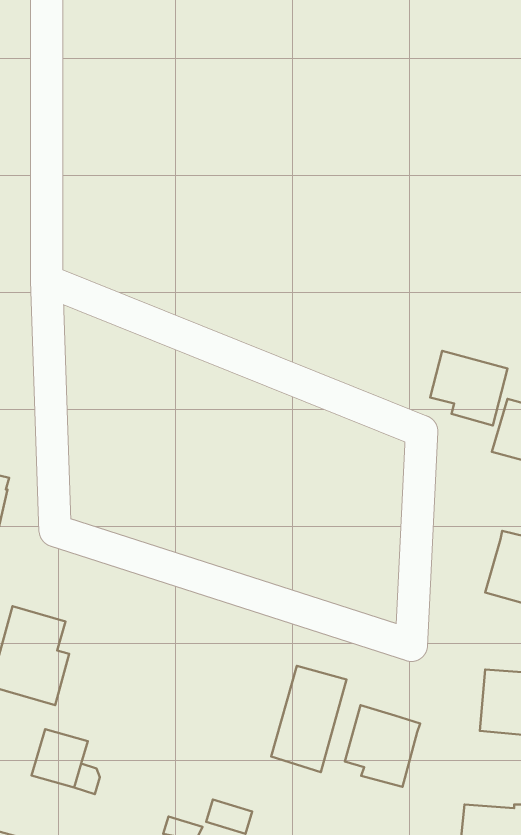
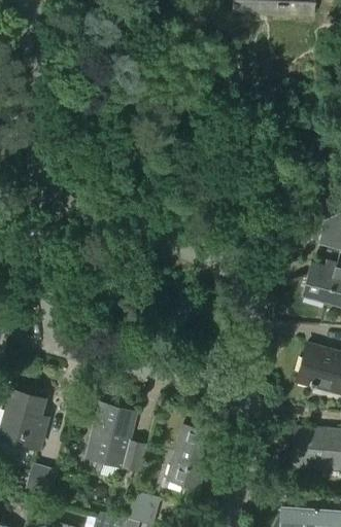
building: [430,351,508,426] -> none
building: none -> [84,401,146,470]
building: [345,705,420,787] -> none

